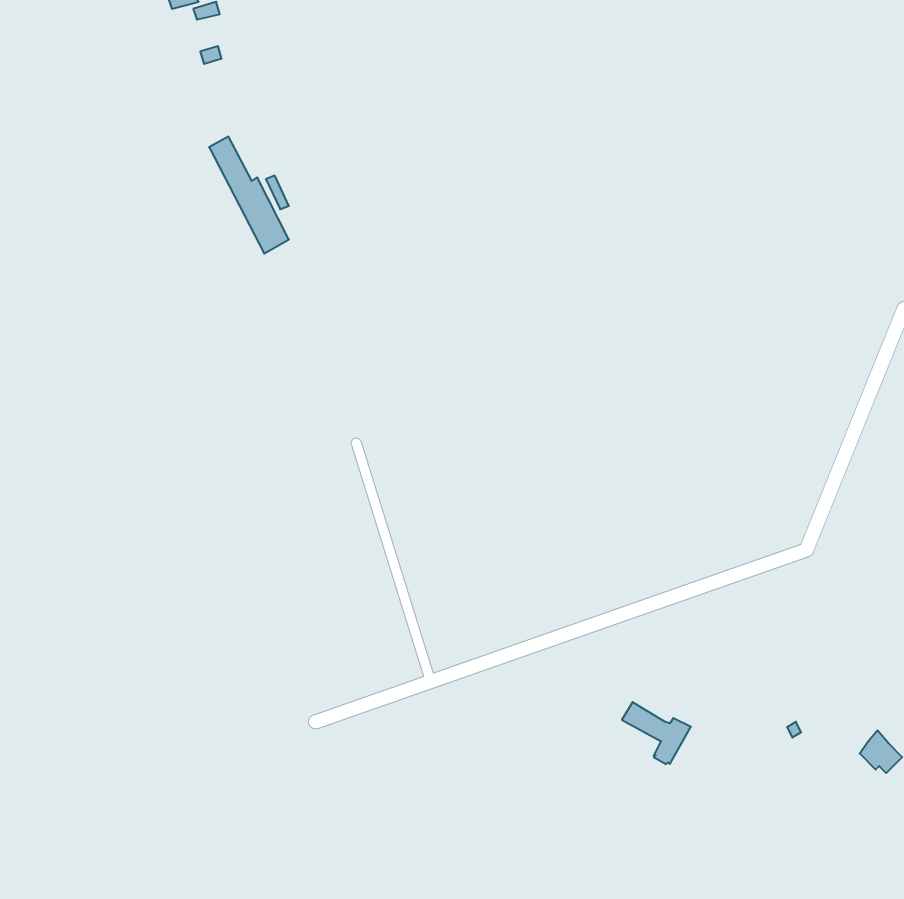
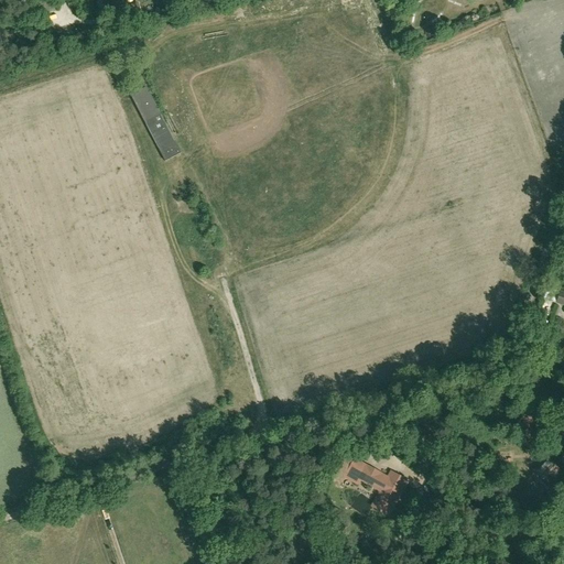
building: [622,702,691,764] -> [359,463,402,501]

